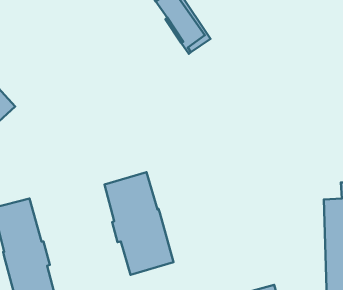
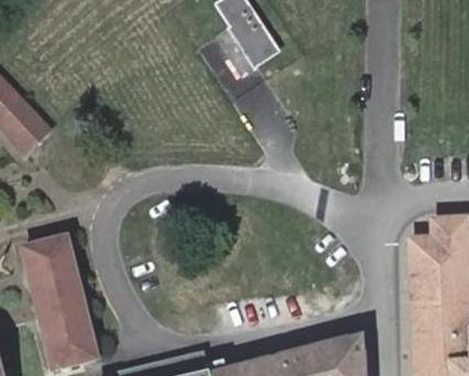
building: [104,172,174,275] -> none

